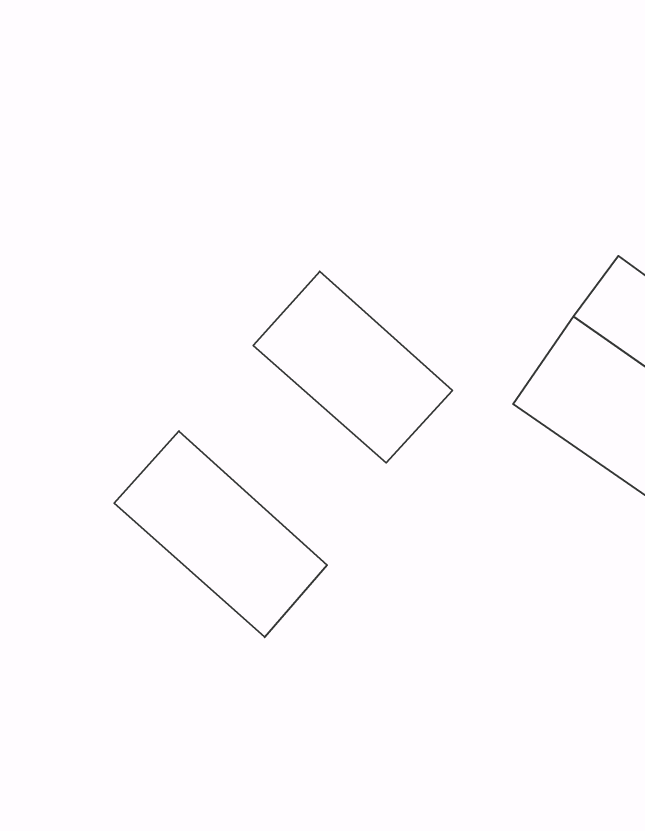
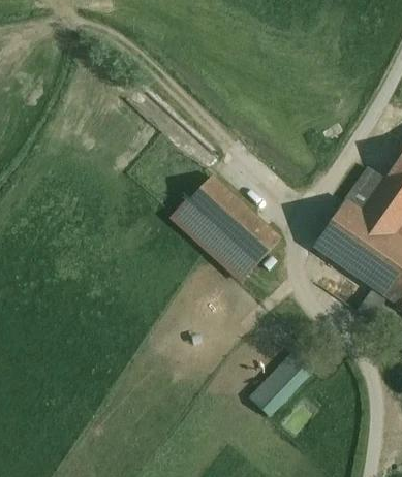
building: [114,431,327,637] -> none
building: none -> [250,351,312,414]

